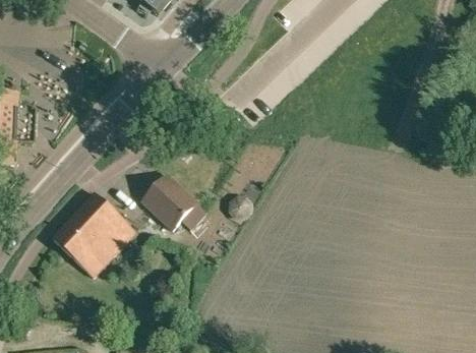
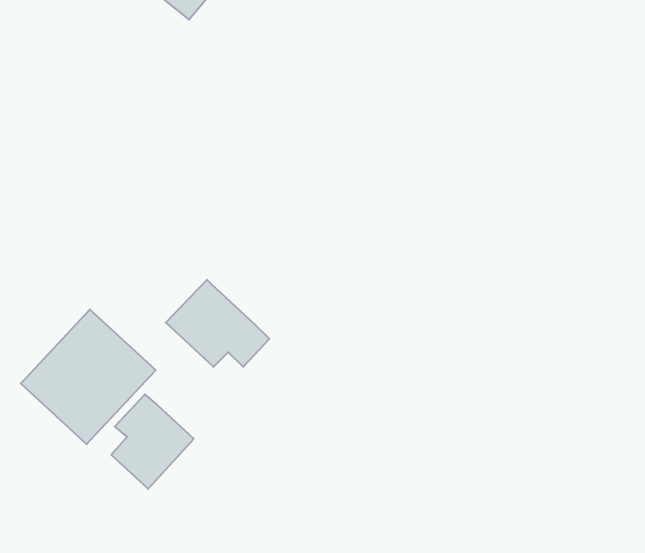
building: none -> [111,394,194,489]

